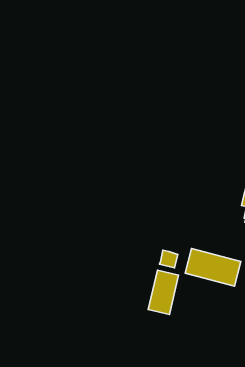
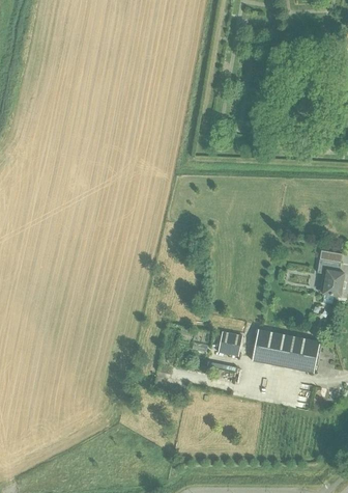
building: [148,270,179,314] -> none

